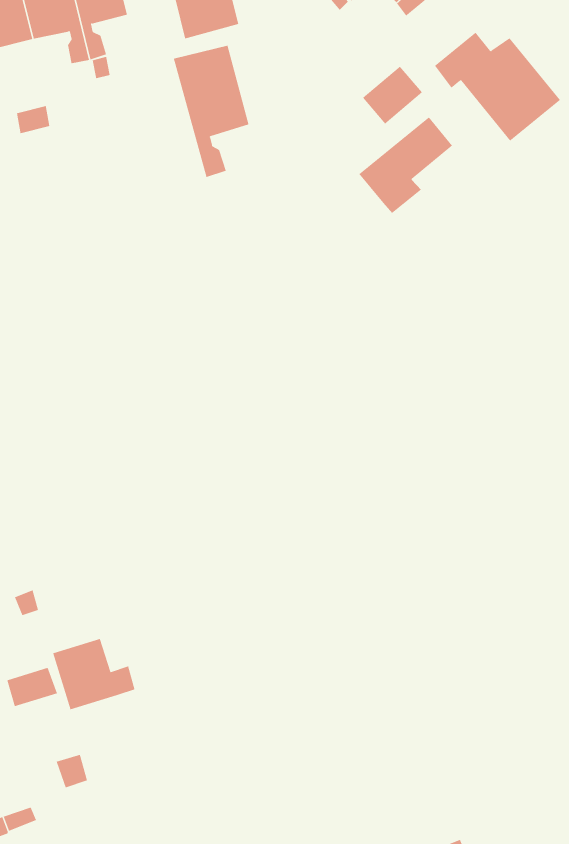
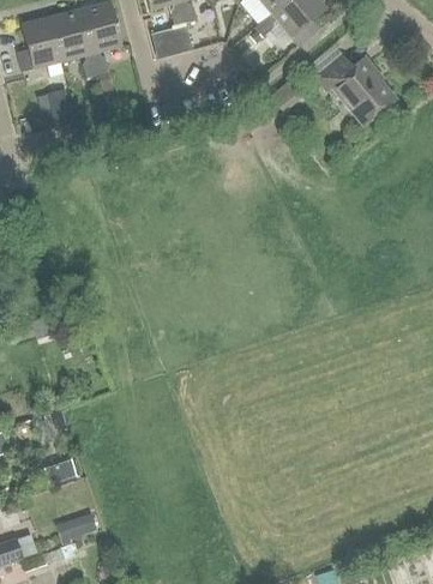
building: [173,45,249,178] -> none
building: [359,116,453,214] -> none
building: [53,638,135,710] -> none

